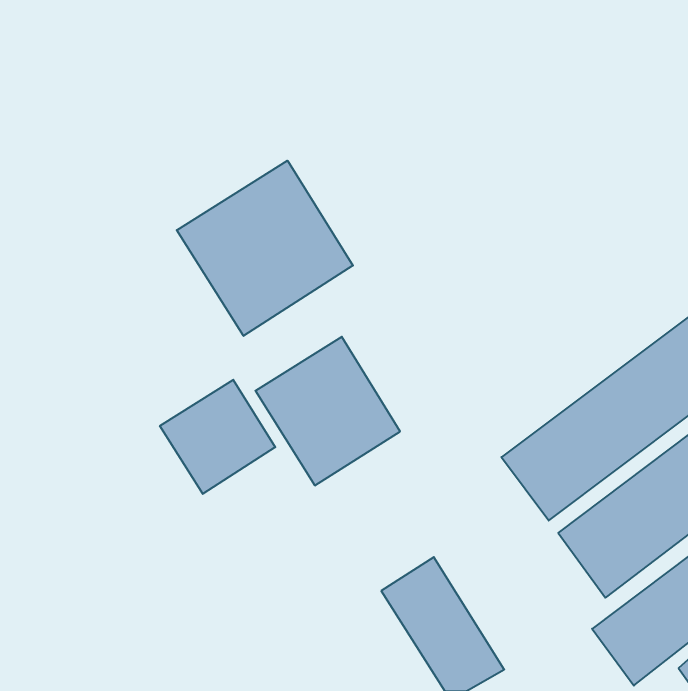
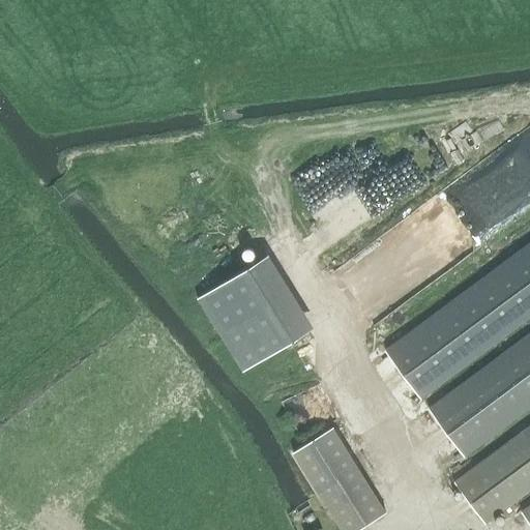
building: [177,161,353,336] -> none
building: [160,380,275,494] -> none

